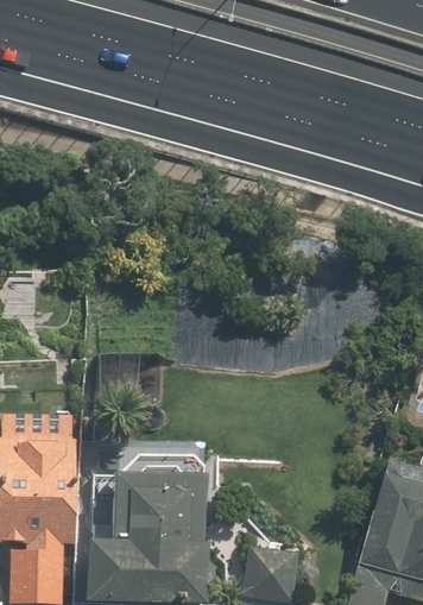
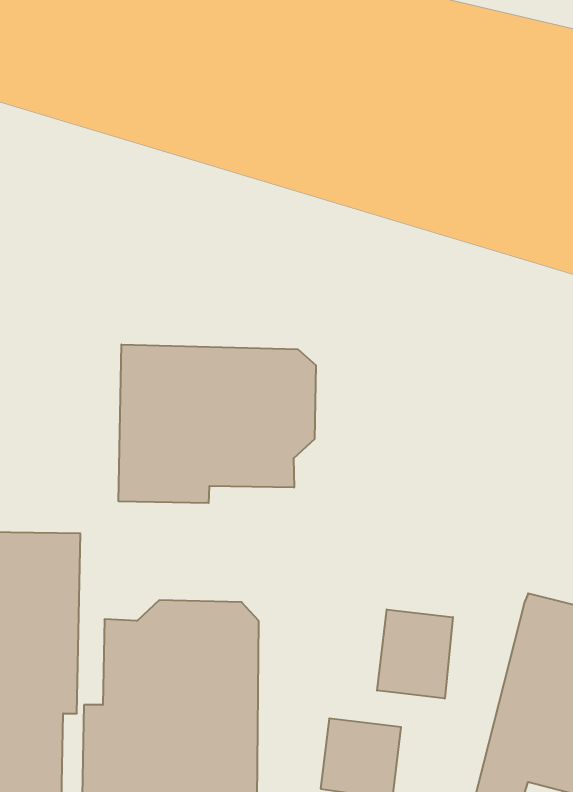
building: none -> [119,344,316,503]
building: none -> [377,609,453,699]

